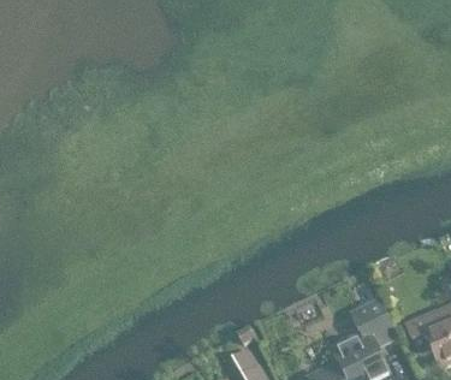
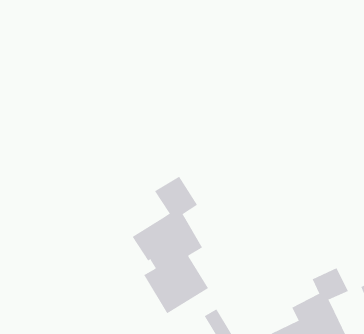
building: none -> [132,176,209,314]

